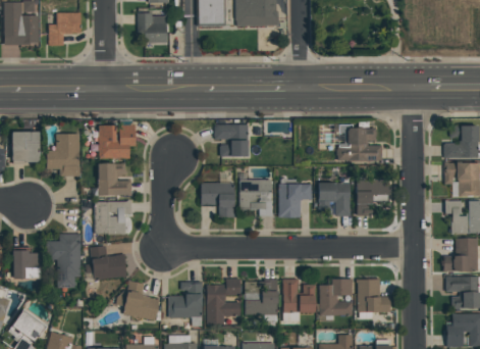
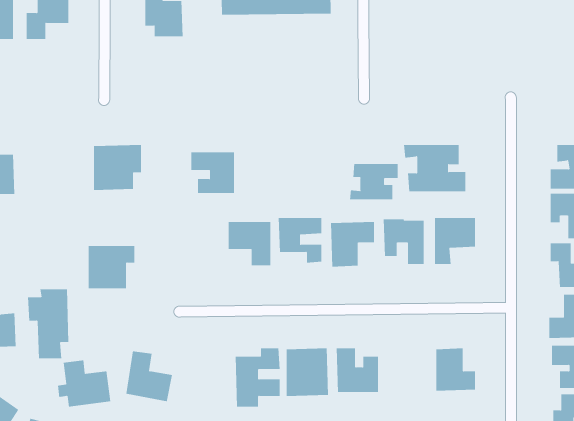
building: [214,124,248,156] -> [190,152,235,193]
building: [46,134,79,176] -> none
building: none -> [350,163,398,200]
building: [98,163,131,196] -> none
building: [86,245,126,281] -> [57,360,111,407]
building: [319,279,352,321] -> none
building: [168,282,202,317] -> none

